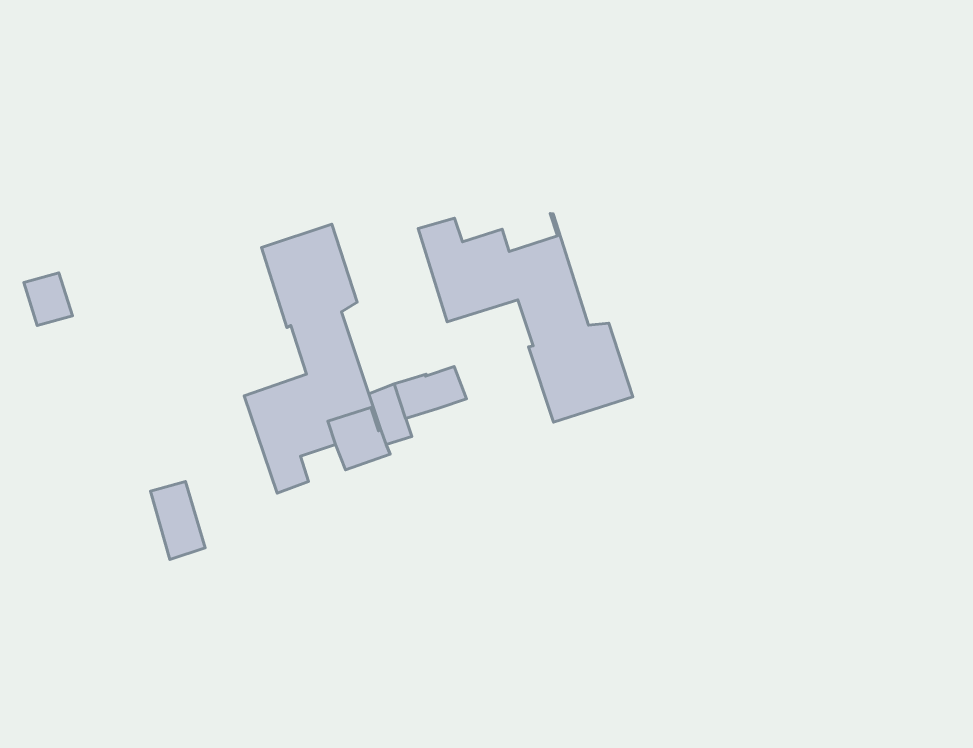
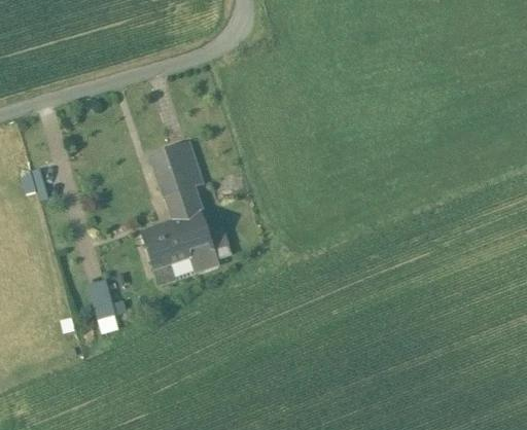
building: [418,213,633,422] -> none
building: [394,366,467,419] -> none

